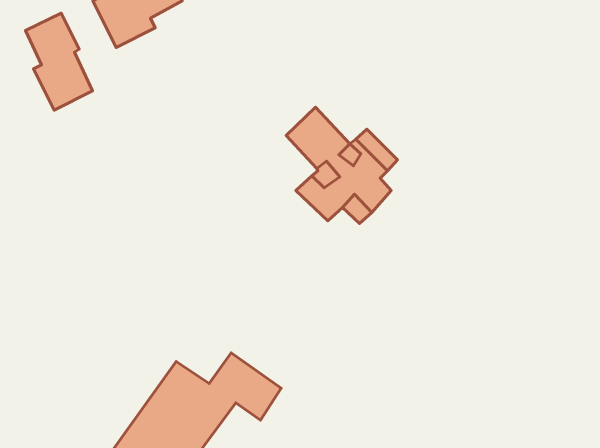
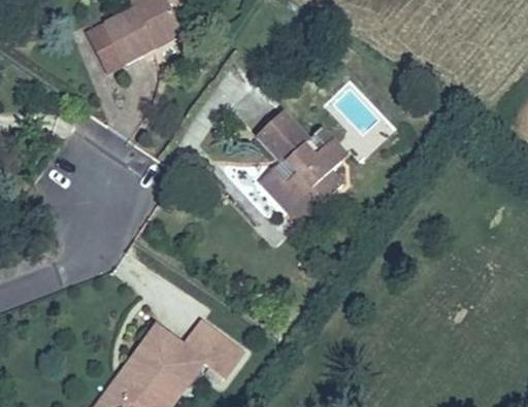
building: [25,13,92,110] -> none

